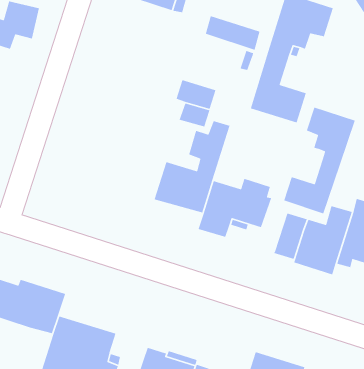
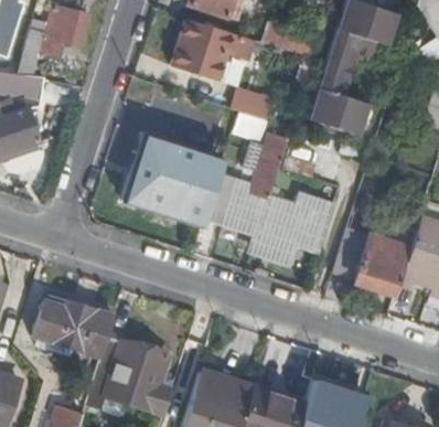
building: none -> [172,21,258,84]
building: [283,107,356,214] -> none
building: none -> [121,136,224,231]

